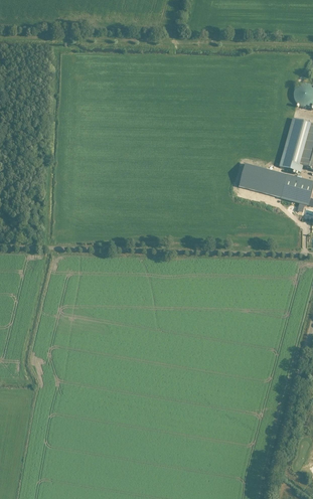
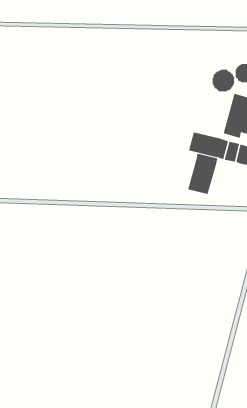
building: none -> [212,69,235,92]
building: none -> [188,153,218,195]

